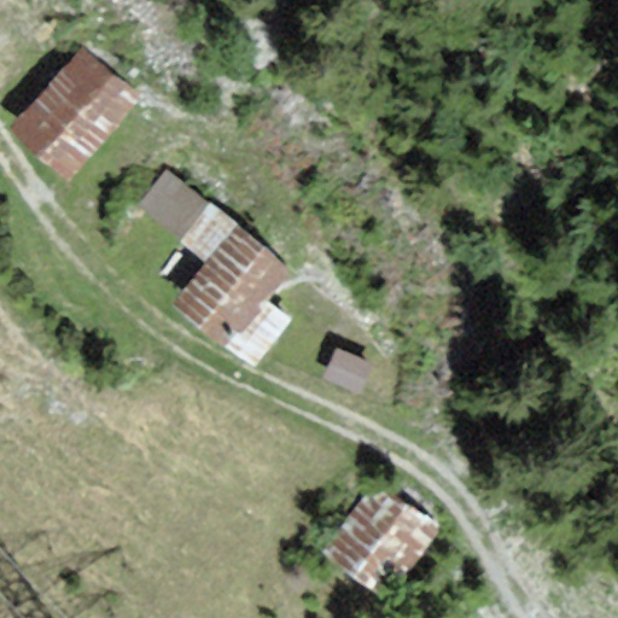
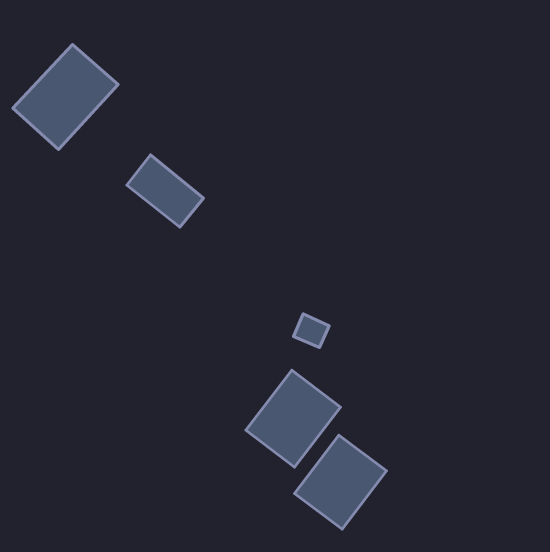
building: [175,231,281,352] -> none
building: none -> [246,370,340,467]

